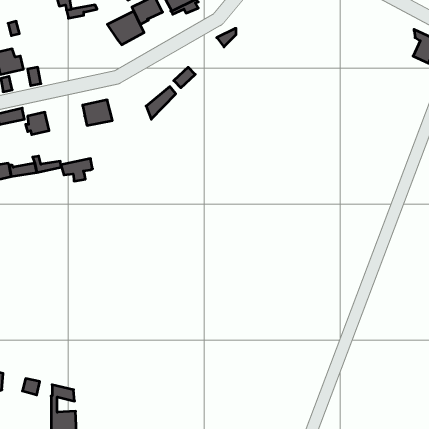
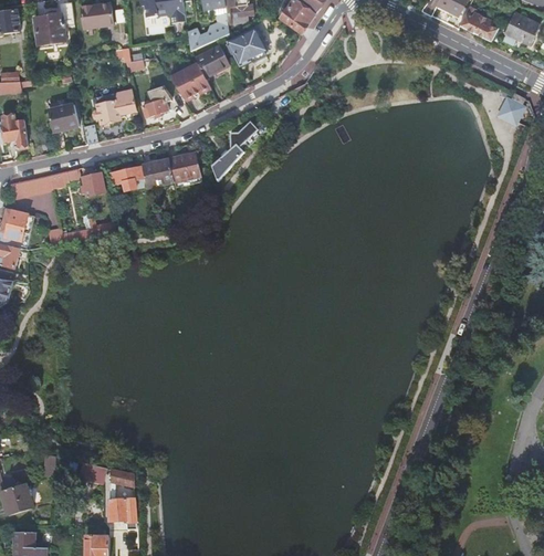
building: none -> [140,86,170,117]
building: none -> [92,90,136,124]
building: none -> [168,154,199,181]
building: [61,159,93,181] -> [109,166,144,190]

